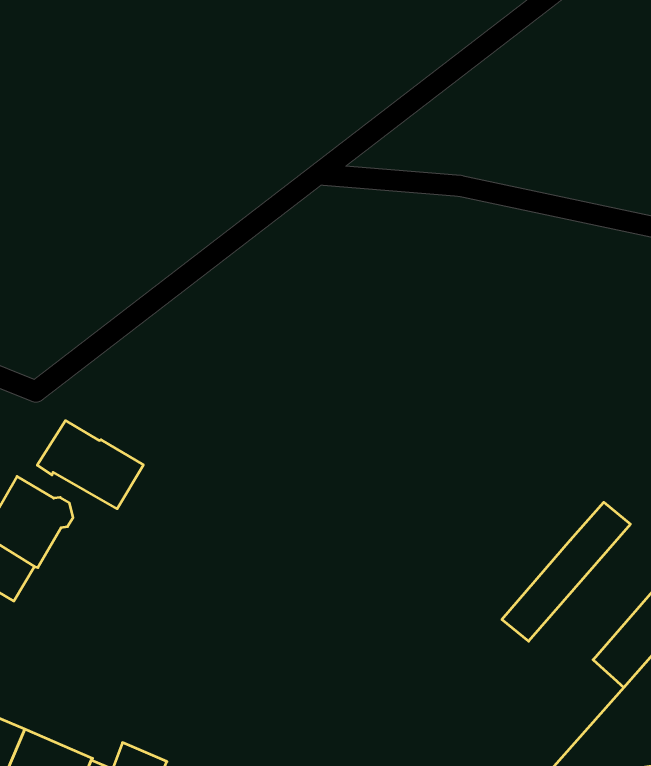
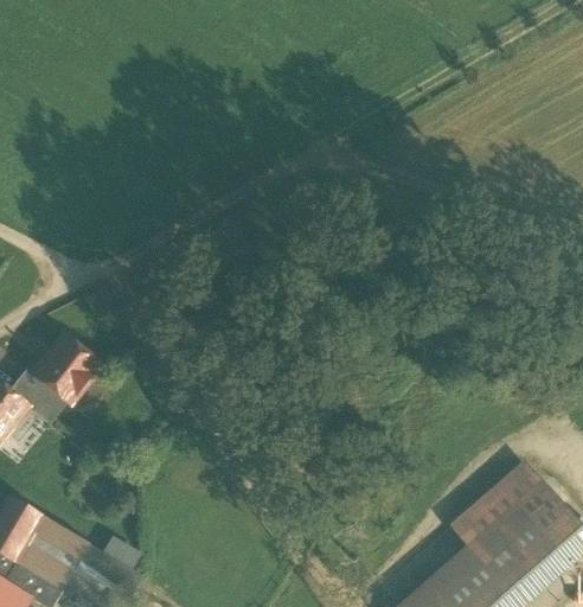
building: [37,421,143,509] -> none
building: [502,502,630,641] -> none

